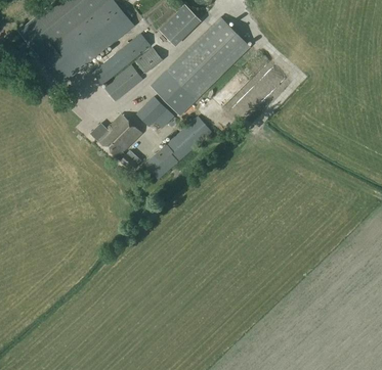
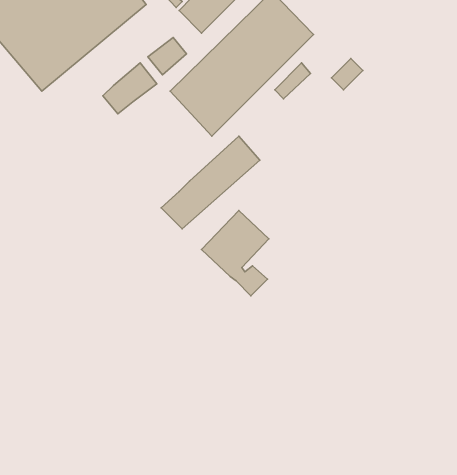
building: [93,34,152,85] -> none
building: [137,95,175,129] -> none
building: [97,113,143,172] -> [202,211,269,296]

